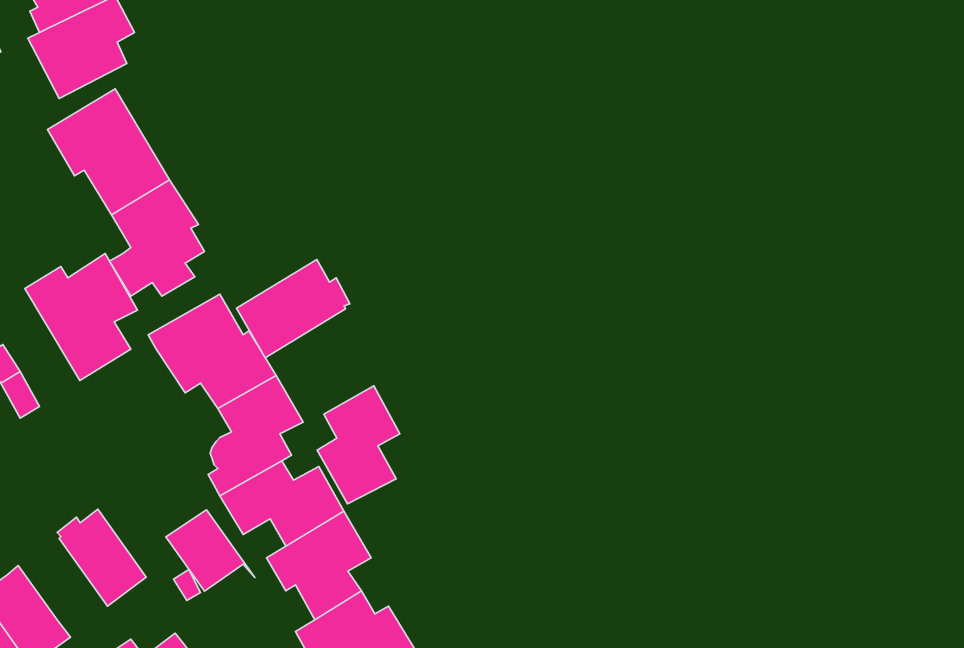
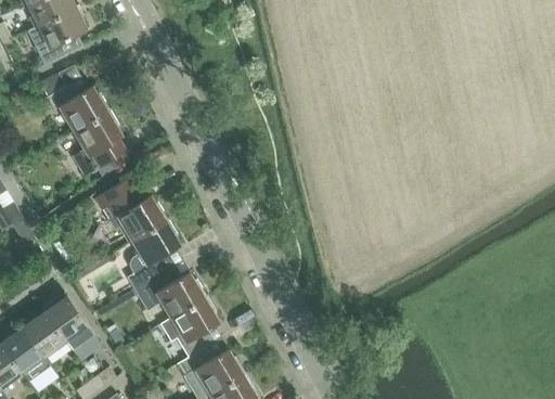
building: [25,254,138,380] -> none
building: [237,259,350,358] -> none
building: [317,386,400,504] -> none
building: [166,510,255,591] -> [22,312,72,358]

